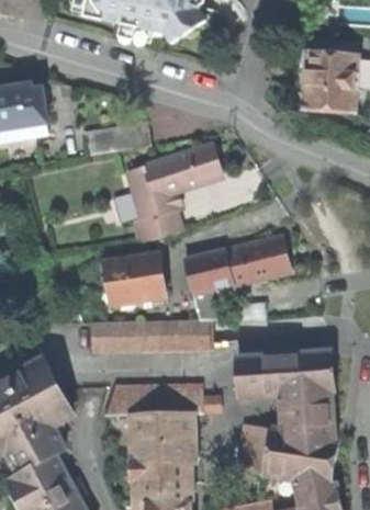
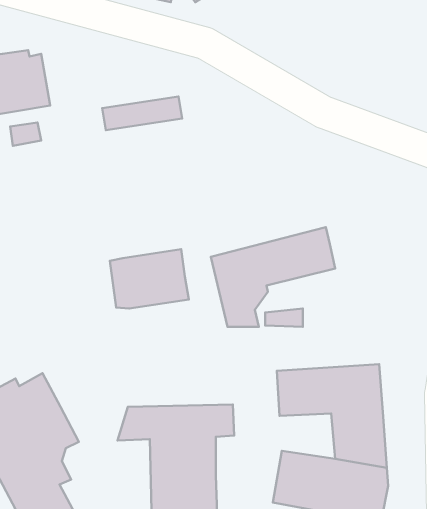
building: [305,52,357,110] -> none
building: [112,145,222,243] -> none
building: [91,319,210,350] -> none

